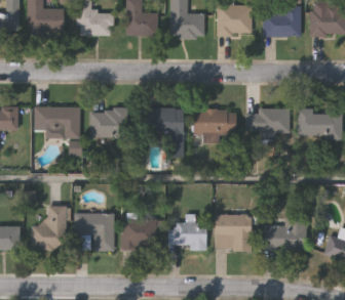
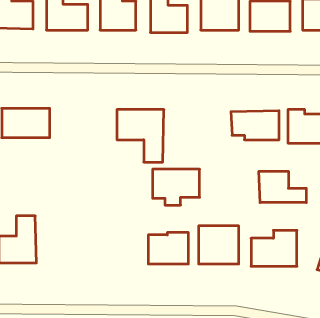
building: [90,109,128,140] -> none
building: [193,110,236,142] -> [153,169,200,205]
building: none -> [259,171,306,203]
building: [76,213,114,250] -> none
building: [123,219,157,250] -> none

